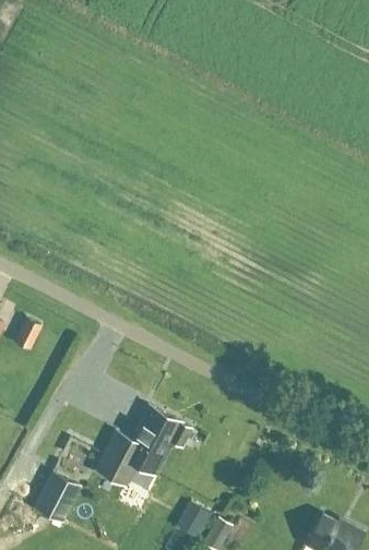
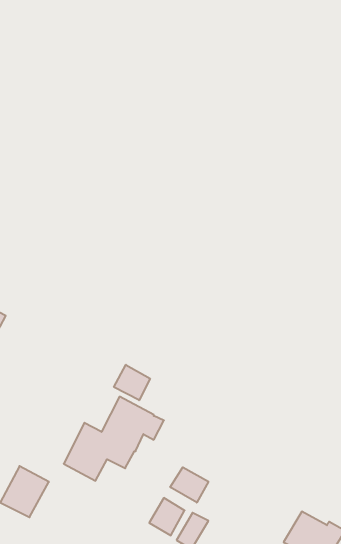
building: none -> [114,365,150,400]
building: none -> [170,467,208,503]

